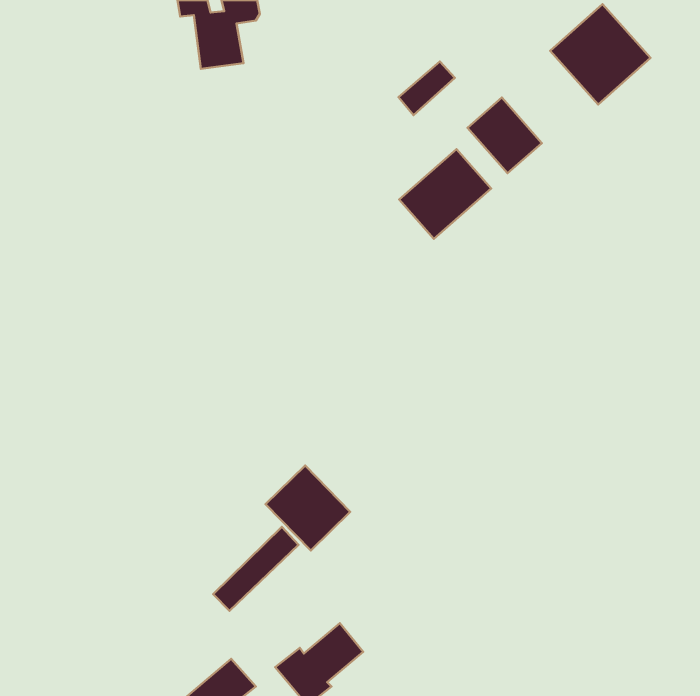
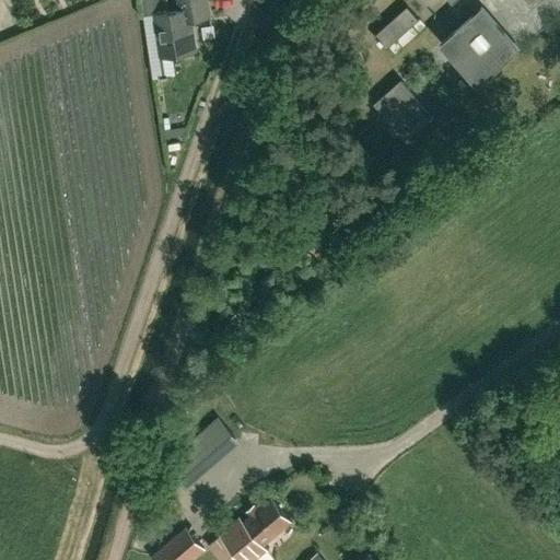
building: [399,61,455,115] -> [372,10,417,52]
building: [399,149,491,239] -> none
building: [266,466,350,550] -> none

